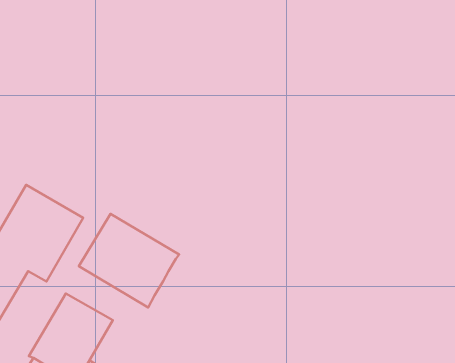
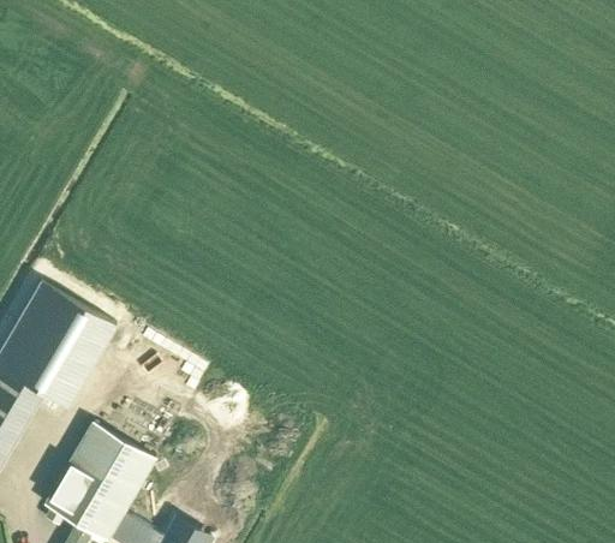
building: [79,214,179,307] -> none

